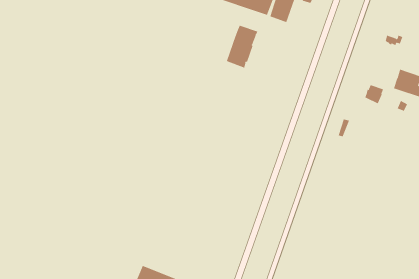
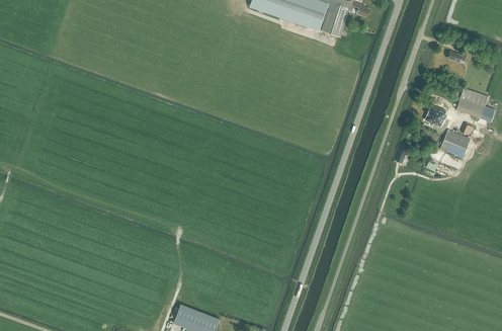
building: [226,25,258,69] -> none
building: none -> [439,130,470,158]

